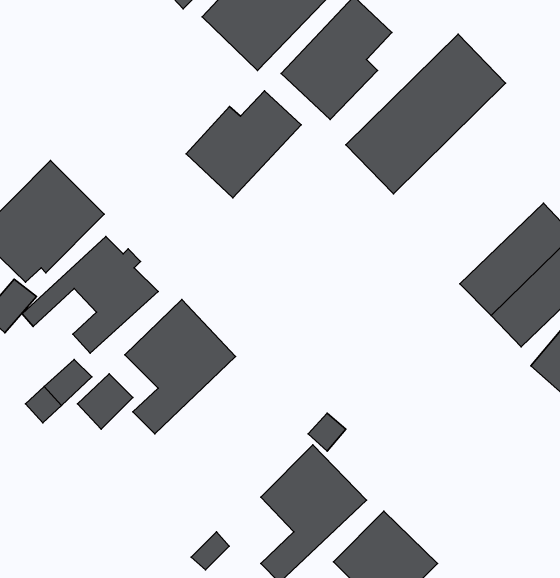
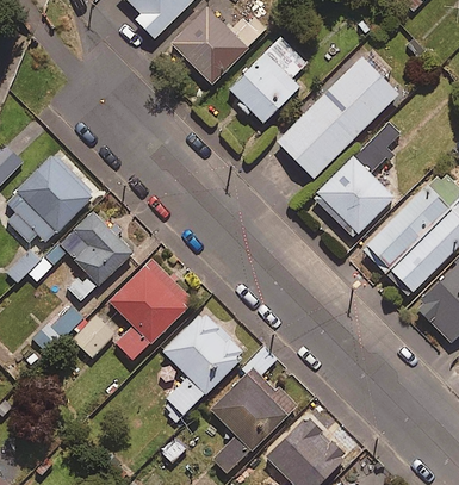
building: [186,91,301,198] -> none
building: none -> [317,124,402,234]
building: none -> [161,311,246,419]

